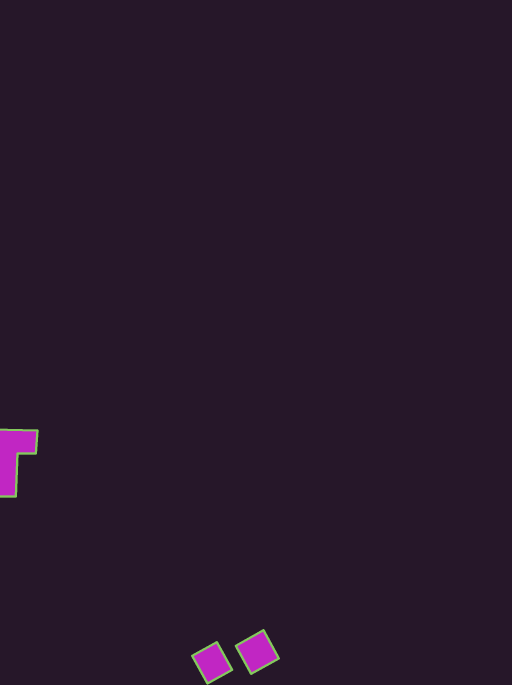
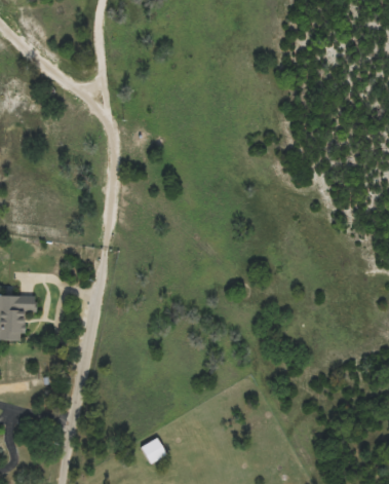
building: [236,630,279,674] -> none

